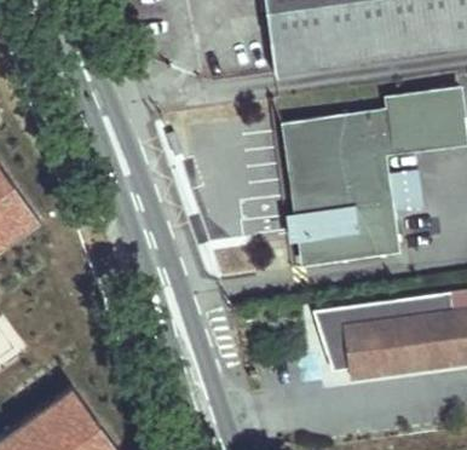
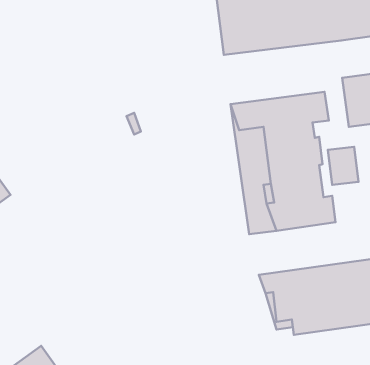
building: [373,93,413,225] -> none

